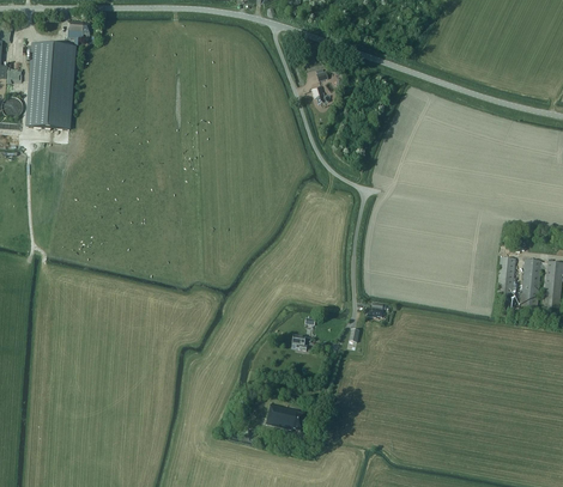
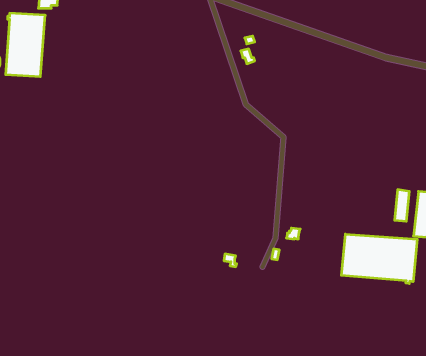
building: none -> [341,234,417,284]
building: [266,404,304,431] -> none

